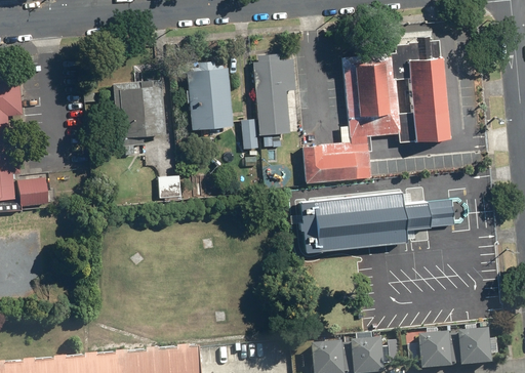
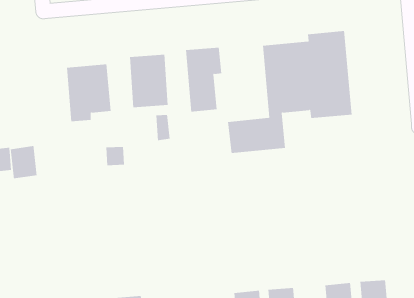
building: [242,118,259,149] -> [156,114,170,141]
building: none -> [10,145,37,179]
building: [298,191,454,251] -> none

